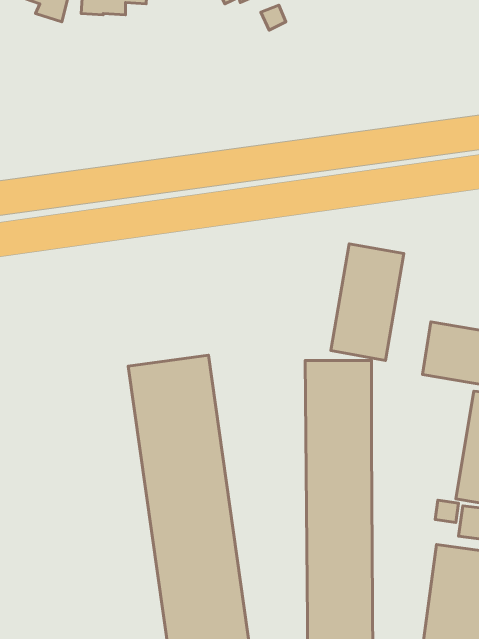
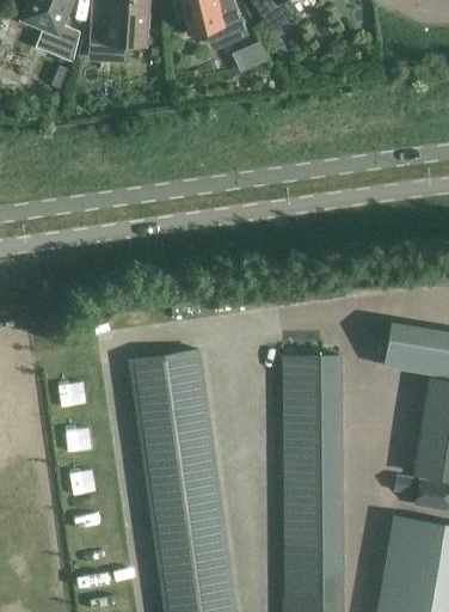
building: [331,244,404,361] -> none

